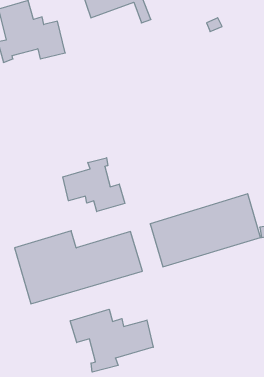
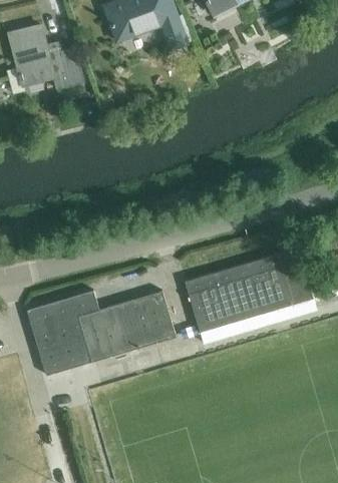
building: [63,158,125,212] -> none
building: [70,309,153,372] -> none

